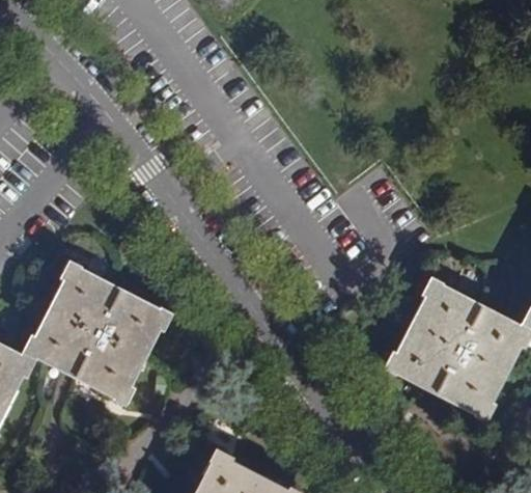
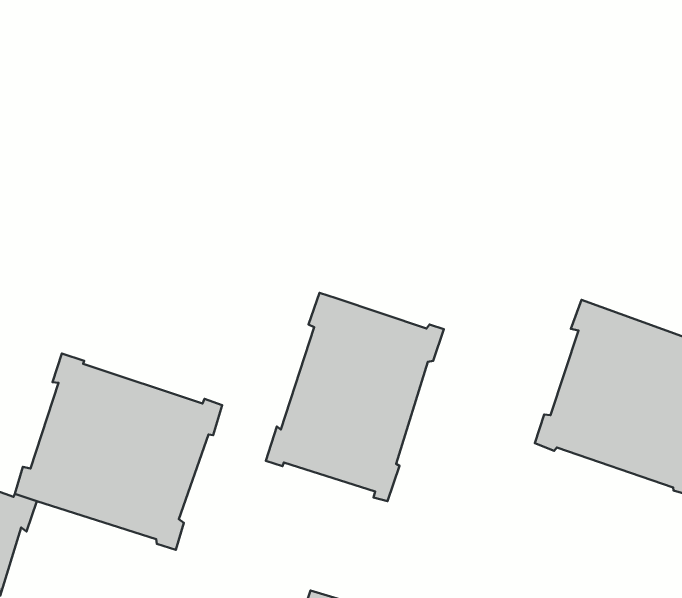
building: none -> [266,293,444,501]

